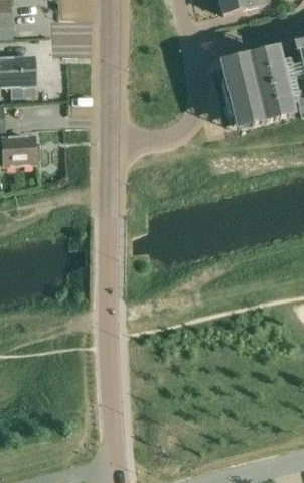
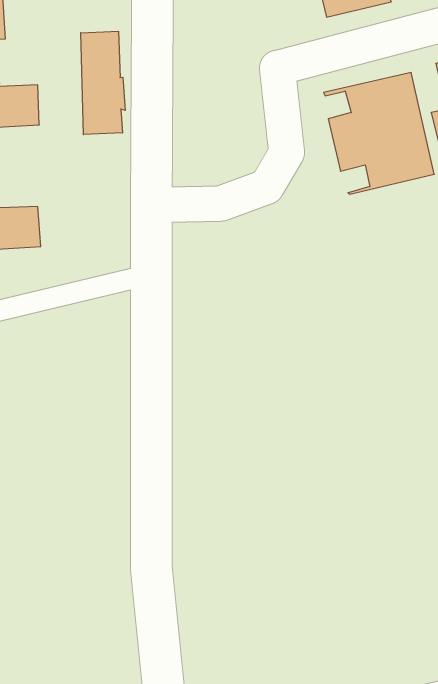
building: none -> [81,31,125,135]

